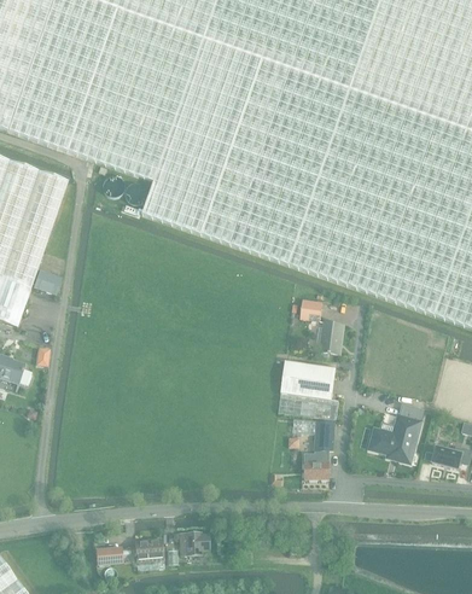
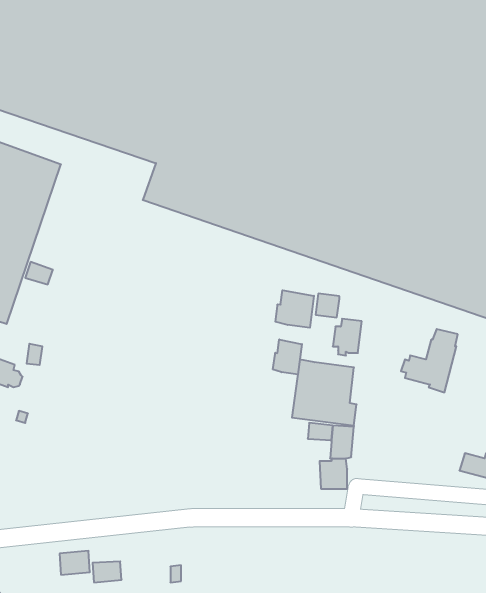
building: none -> [275,290,314,328]
building: none -> [273,339,302,374]
building: [371,404,423,462] -> [401,329,458,392]
building: [179,532,209,554] -> none
building: [135,538,163,560] -> [60,551,90,575]

